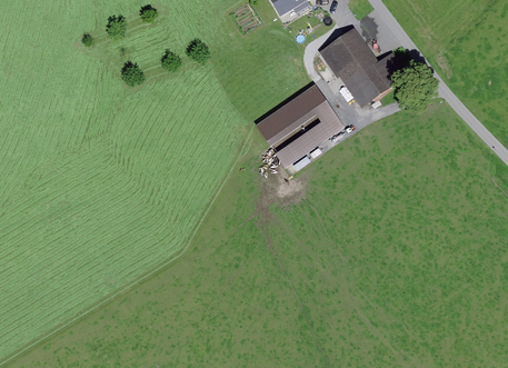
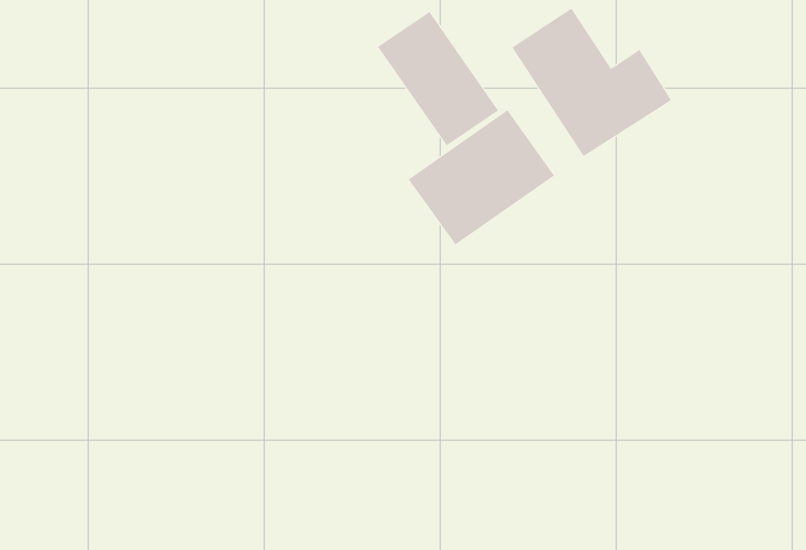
building: none -> [377,11,499,146]

